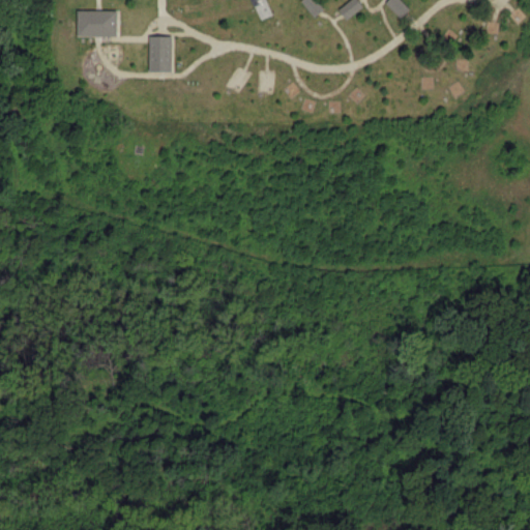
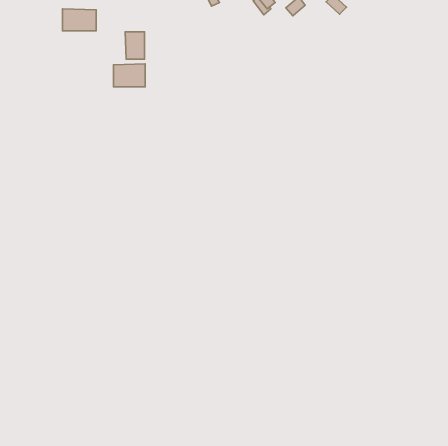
building: none -> [114,64,145,87]

